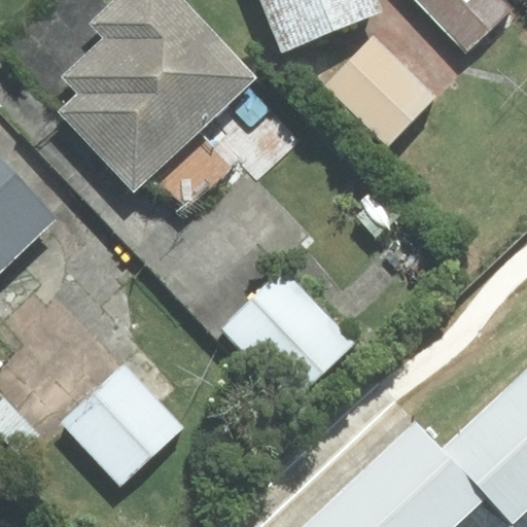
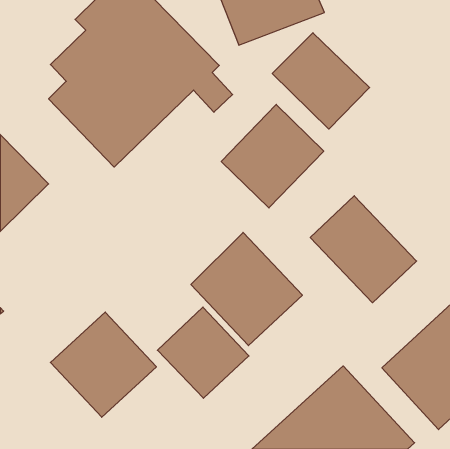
building: none -> [221,104,324,208]
building: none -> [310,196,417,303]
building: none -> [157,307,249,398]

